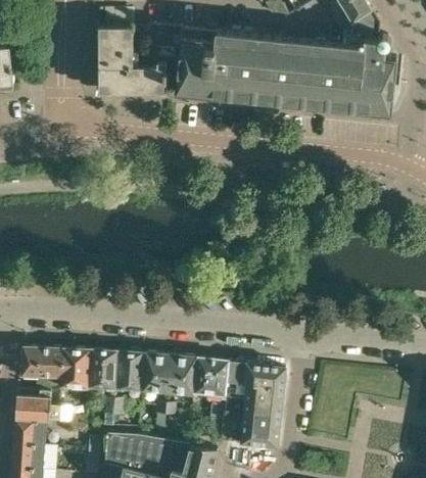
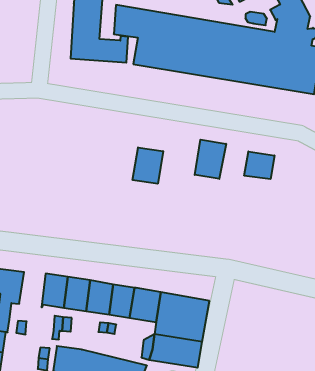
building: none -> [195,140,226,179]
building: none -> [244,151,274,179]
building: none -> [133,147,163,184]
building: [59,349,88,389] -> none

